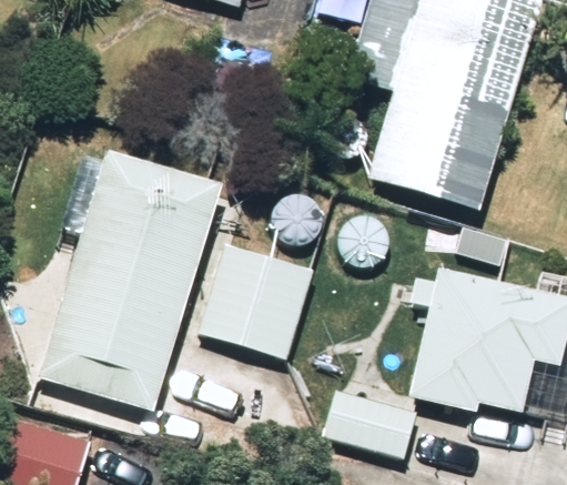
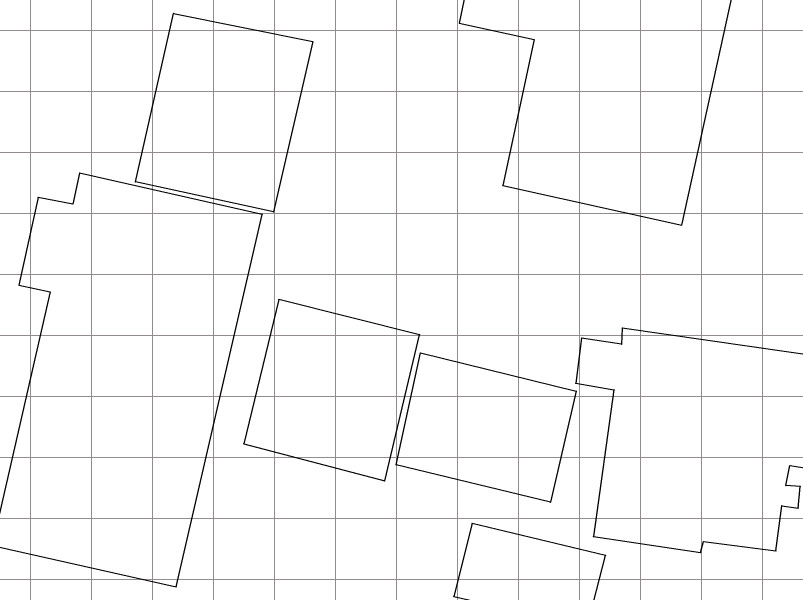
building: none -> [135,13,313,212]
building: none -> [396,353,576,502]

